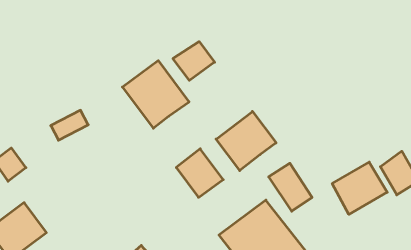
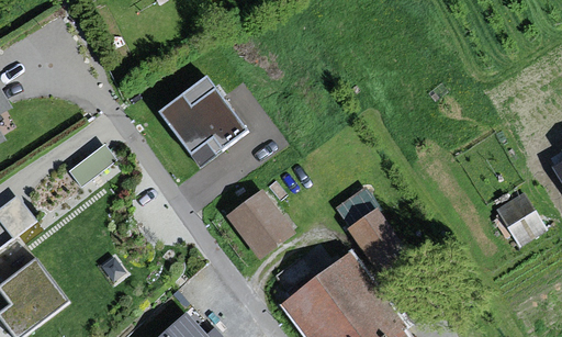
building: [173,42,215,80] -> none
building: [216,111,276,171] -> none
building: [332,162,387,214] -> none

